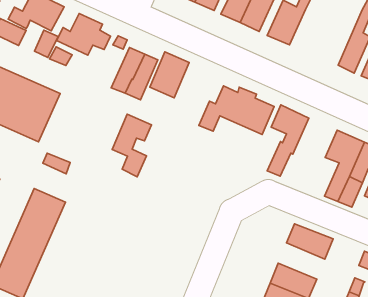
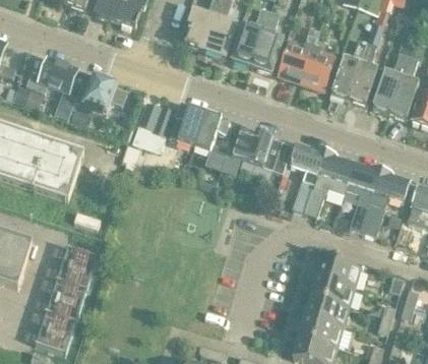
building: none -> [331,40,367,99]
building: none -> [300,48,334,90]
building: [112,114,151,177] -> [193,110,229,170]
building: none -> [306,153,354,214]
building: none -> [309,276,354,308]

